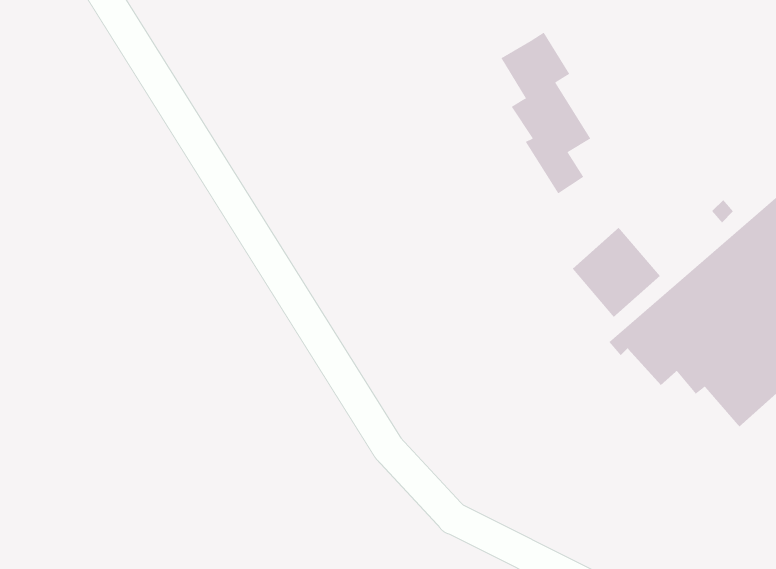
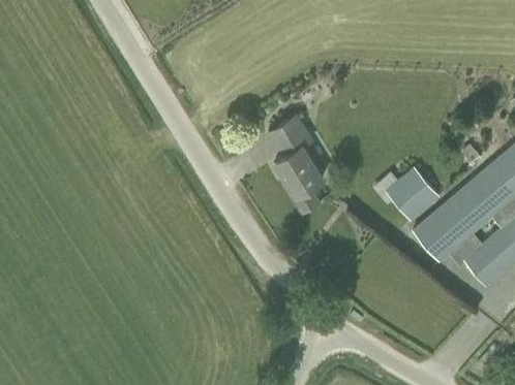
building: [500,32,591,194] -> [270,116,324,212]

